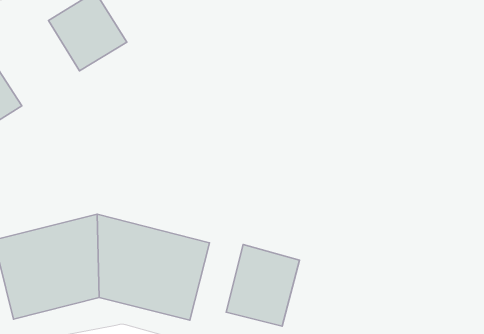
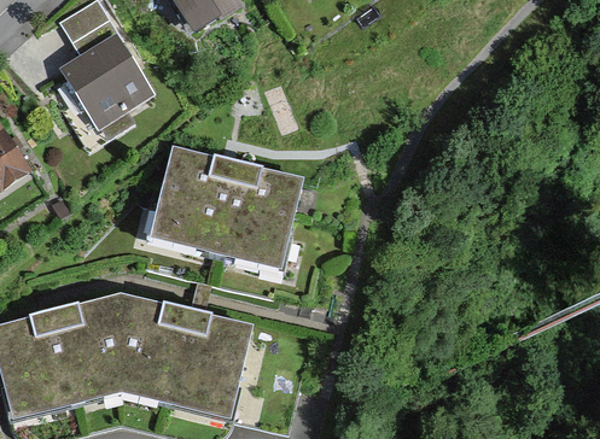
building: none -> [147,147,299,268]
building: [226,245,299,326] -> none

